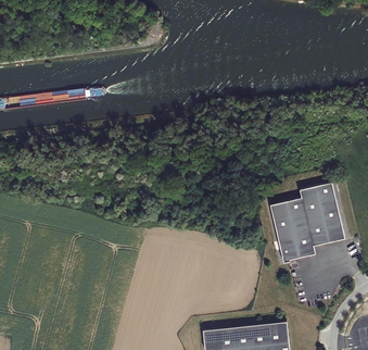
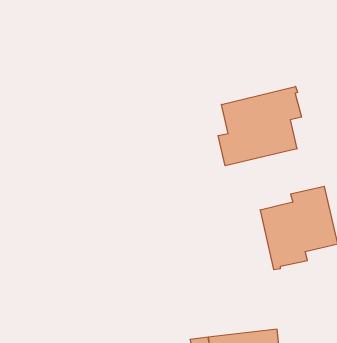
building: none -> [218,86,302,166]

